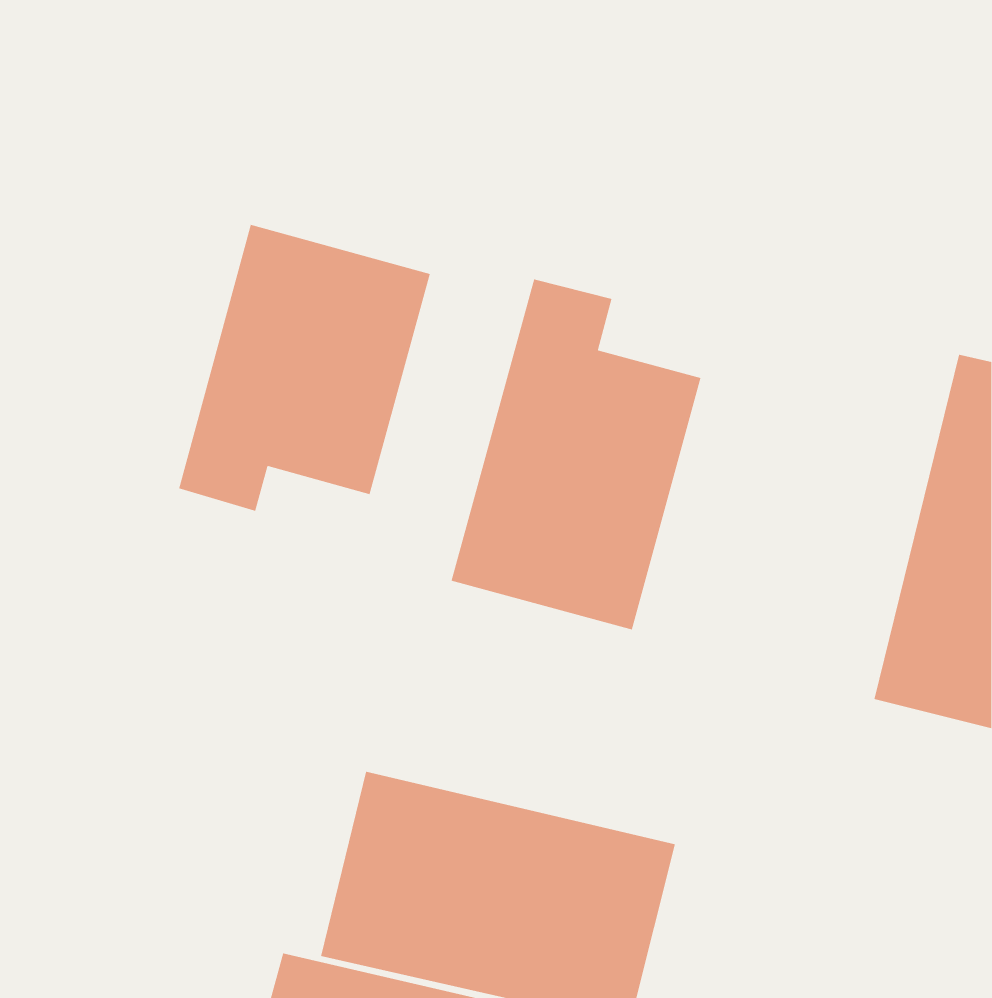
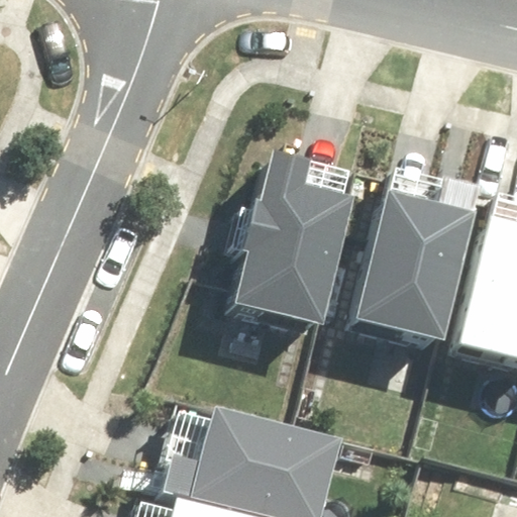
building: [178,224,431,512] -> none
building: none -> [355,178,486,341]

